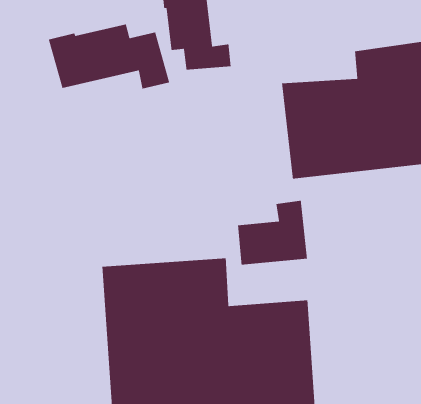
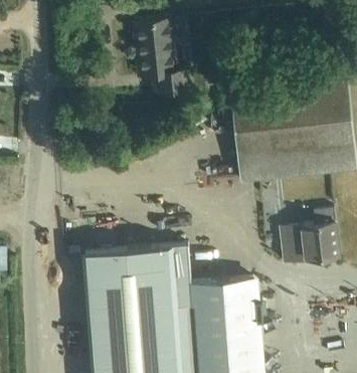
building: [48,23,170,90] -> none
building: [237,200,308,265] -> [281,207,338,260]

